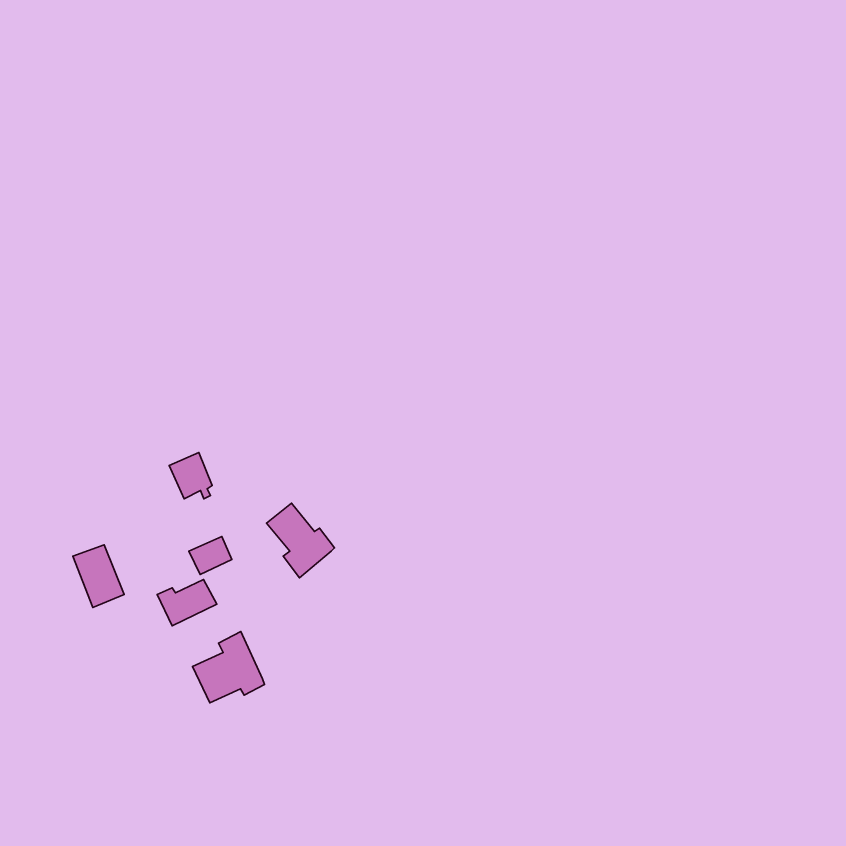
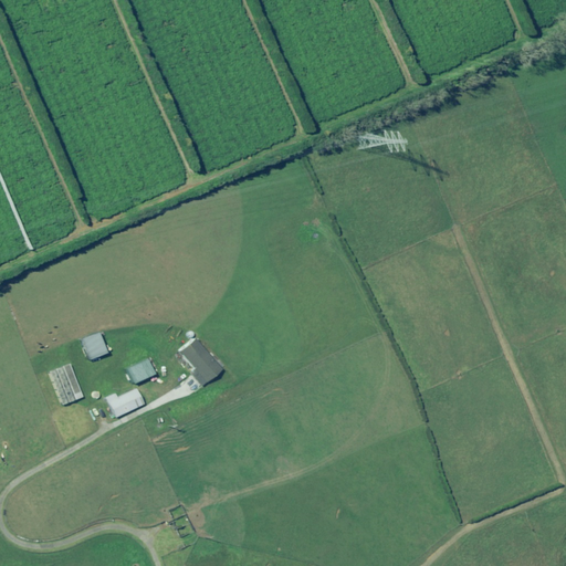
building: [169,452,212,499] -> [80,329,108,360]
building: [192,632,265,703] -> none

